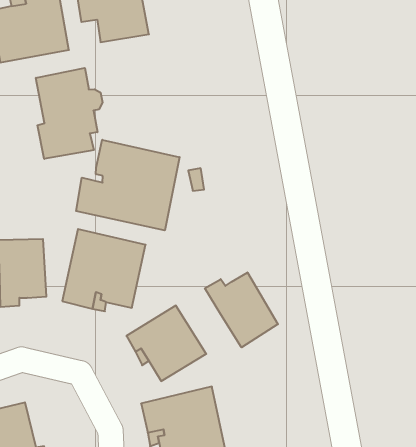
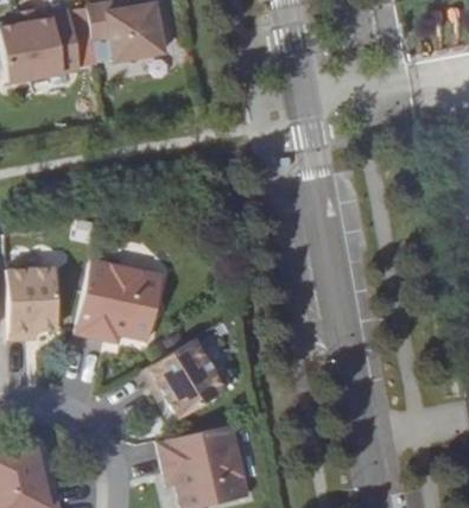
building: [36,68,103,159] -> none
building: [76,140,180,230] -> none
building: [205,272,278,347] -> none

